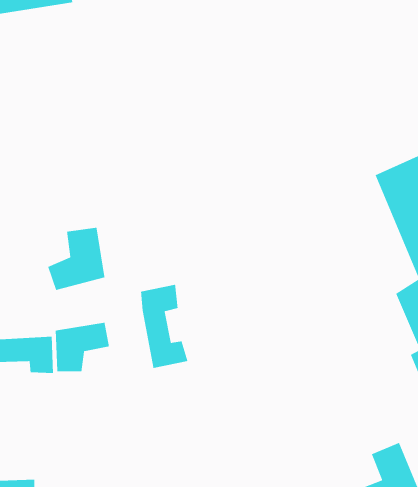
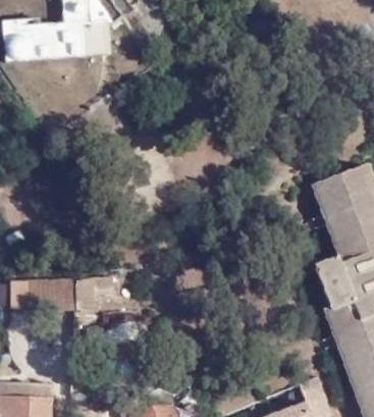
building: [47,227,105,291] -> none
building: [140,284,189,369] -> none

